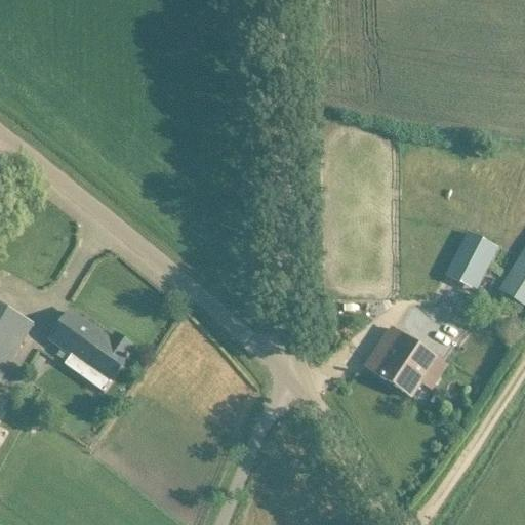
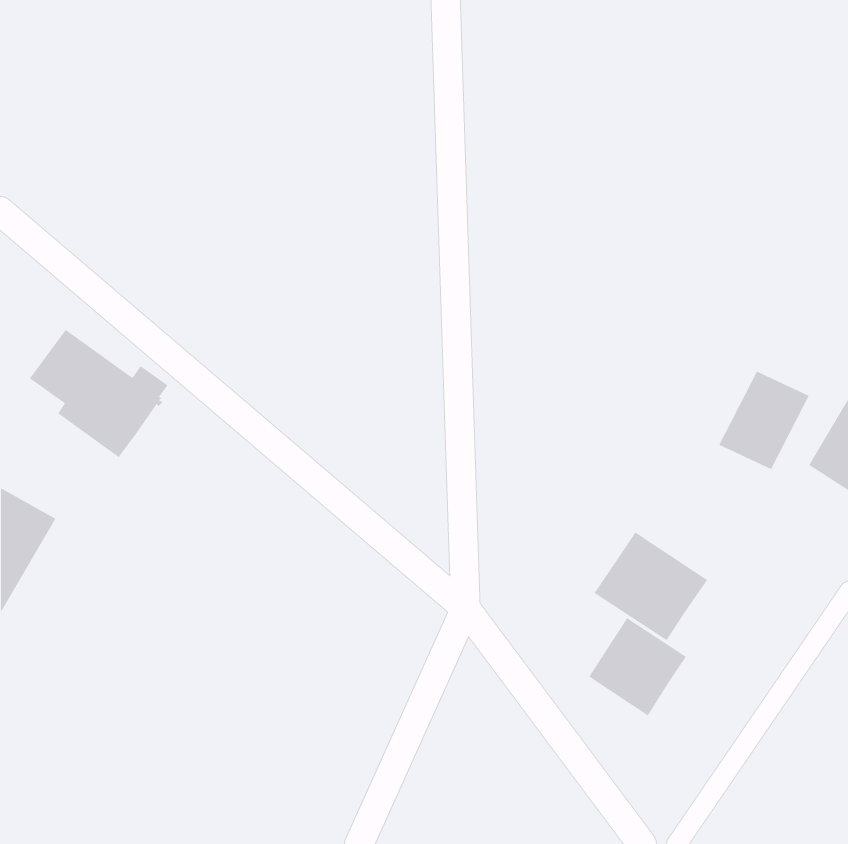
building: [48,311,134,391] -> [29,329,169,458]
building: none -> [588,617,687,717]

